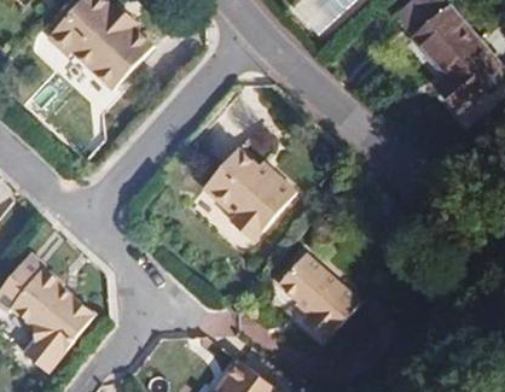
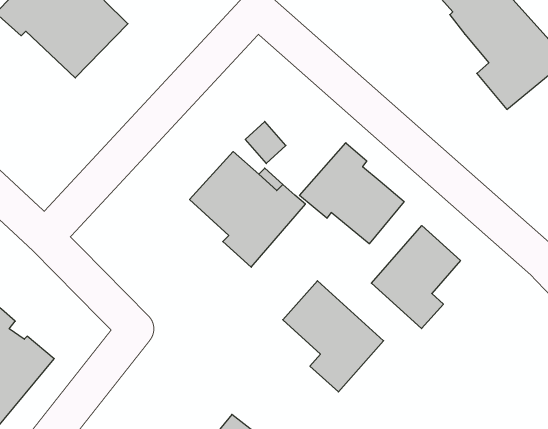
building: none -> [300,143,404,244]
building: none -> [371,226,460,329]

